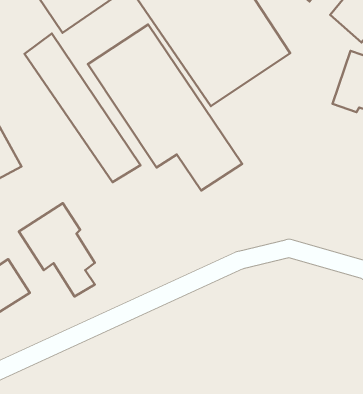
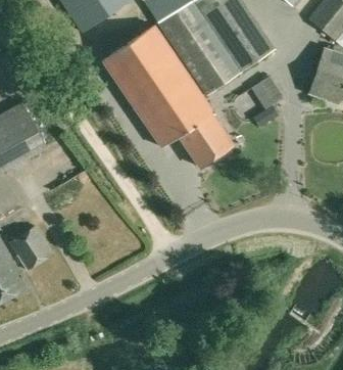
building: [25,33,141,182] -> none
building: none -> [251,75,284,108]
building: [19,203,95,296] -> none

